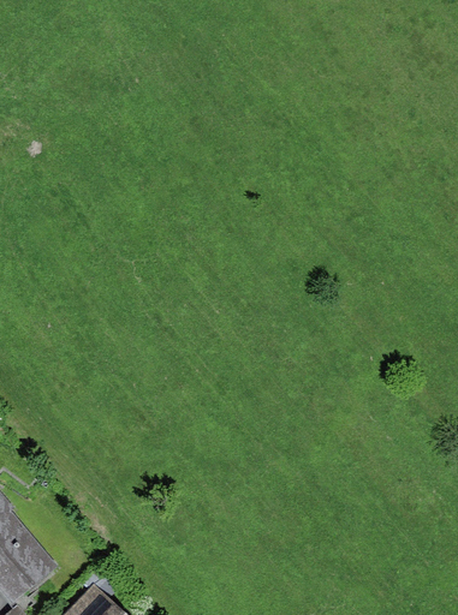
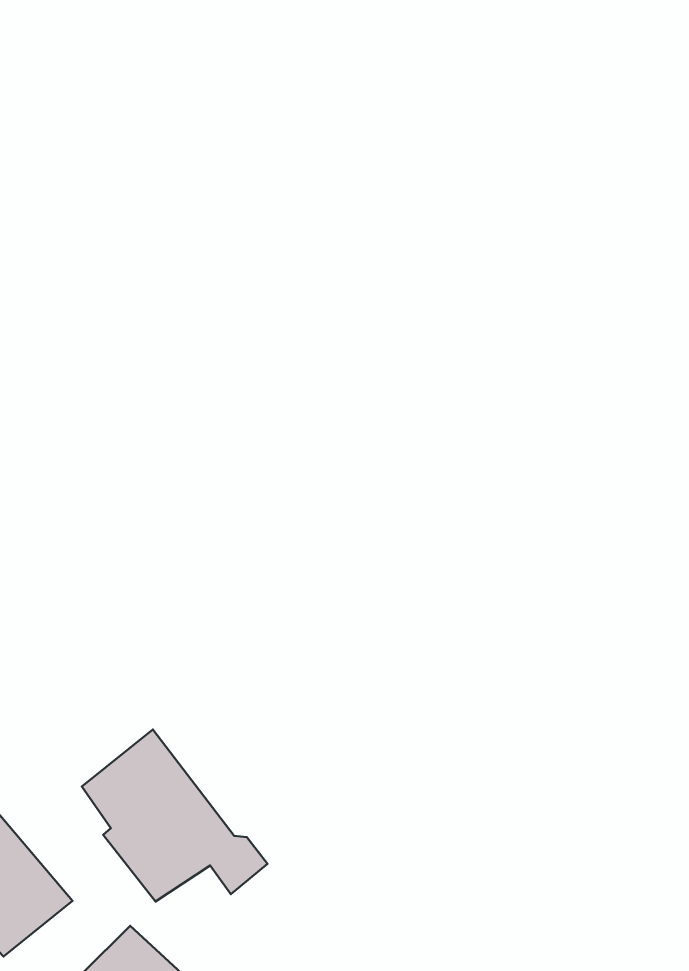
building: none -> [82,729,268,902]

